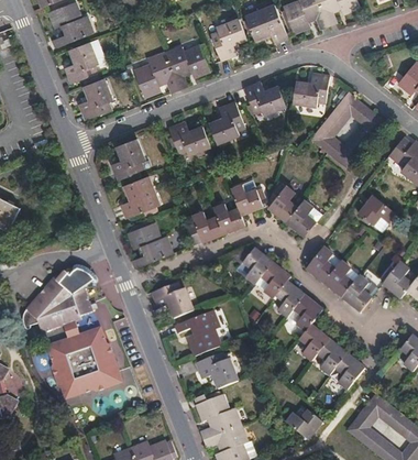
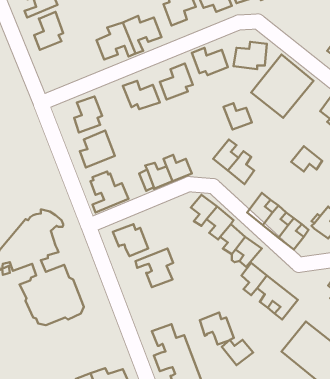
building: [80,77,113,118] -> none
building: [230,183,262,212] -> [224,103,252,129]
building: [197,351,235,387] -> [200,313,234,345]

